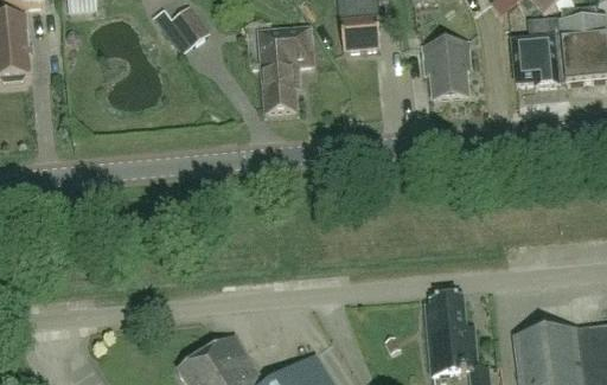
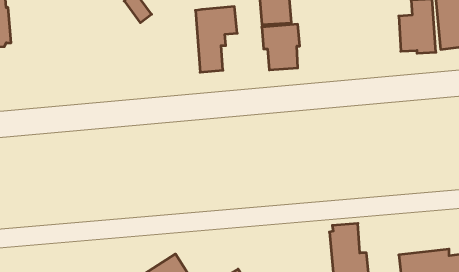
building: [422,40,469,97] -> [262,24,300,70]

